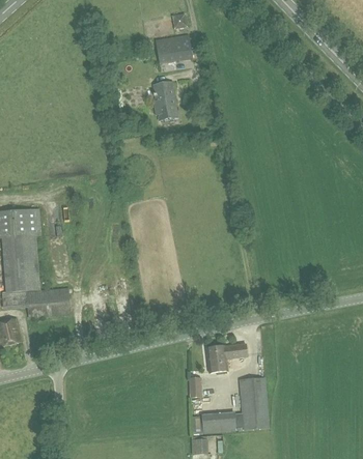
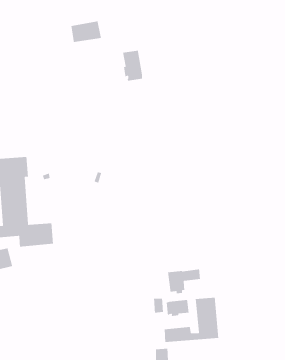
building: [155,34,192,61] -> [71,20,102,43]
building: none -> [166,299,190,317]

